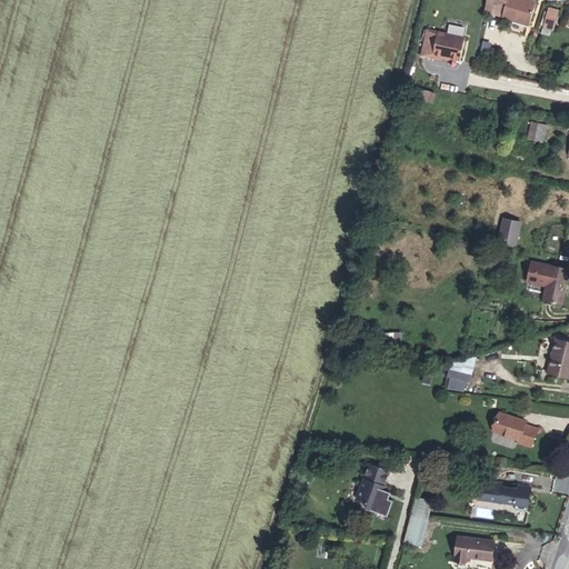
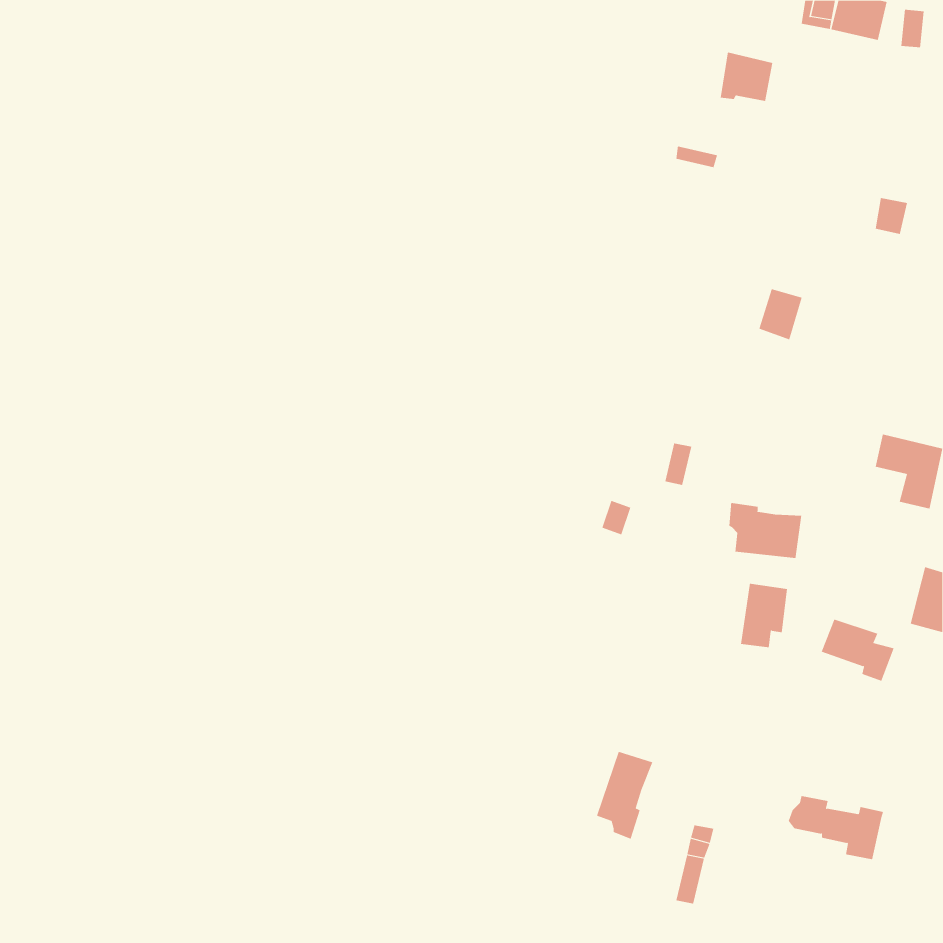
building: [496,214,522,246] -> [758,288,803,340]
building: none -> [729,502,802,559]
building: [492,411,537,449] -> [821,619,895,681]
building: [451,537,492,562] -> none

